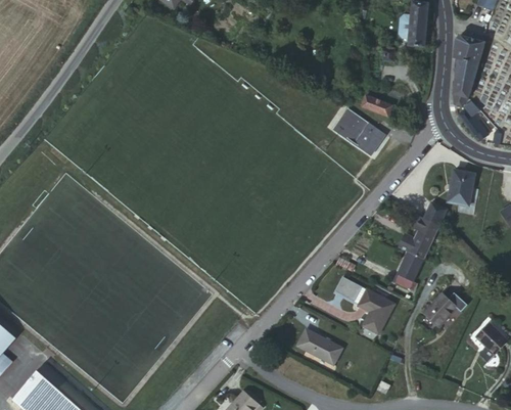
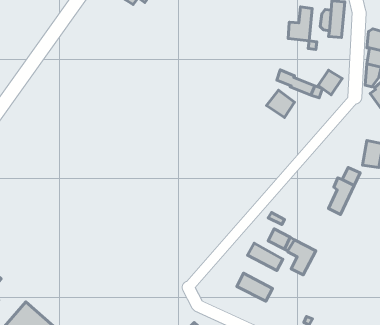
building: none -> [288,7,312,41]
building: [355,125,383,154] -> [318,70,342,95]
building: [393,253,422,291] -> none
building: none -> [248,243,283,271]
building: [423,294,456,326] -> none

